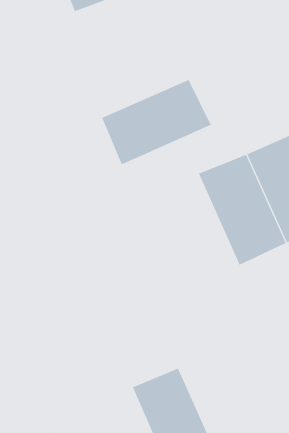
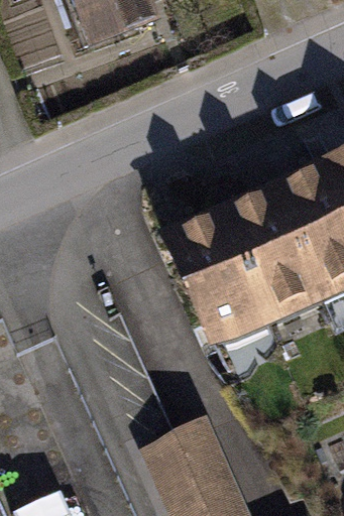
building: [101,79,211,165] -> none
building: none -> [173,222,270,345]

